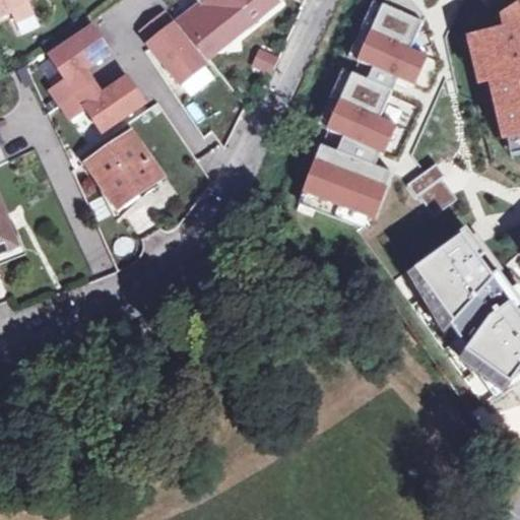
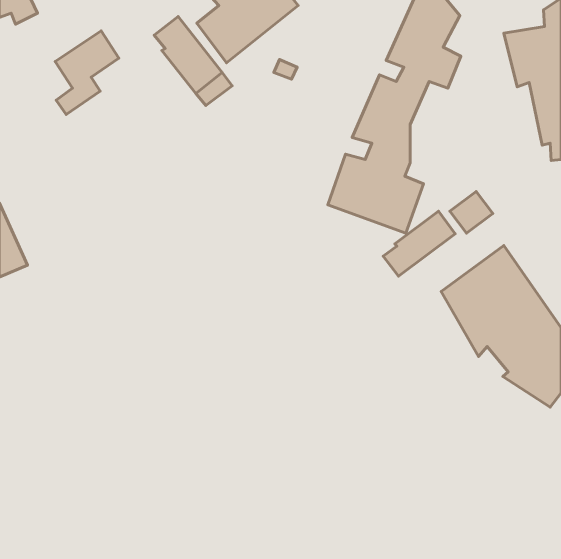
building: [61,80,143,133] -> none
building: [89,133,159,203] -> none
building: none -> [383,211,455,276]

